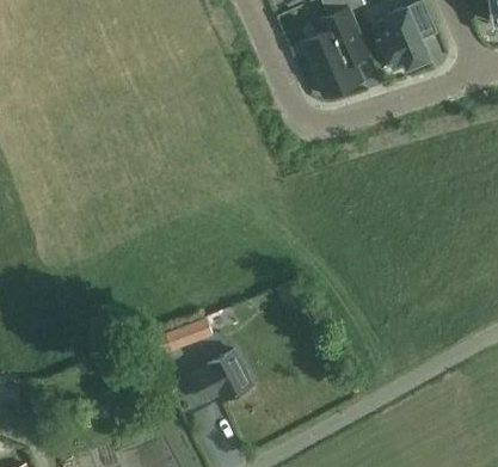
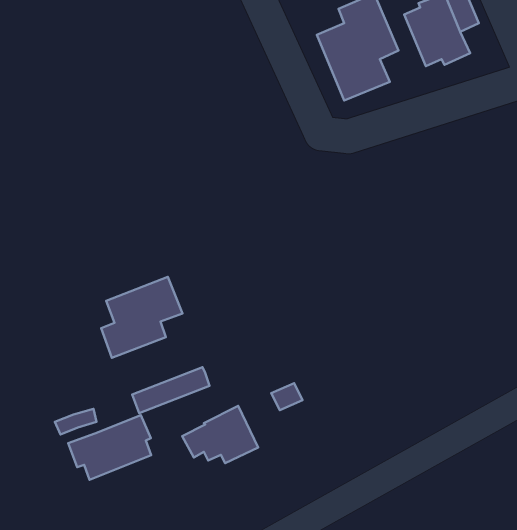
building: none -> [101,277,182,358]
building: none -> [68,415,151,480]

